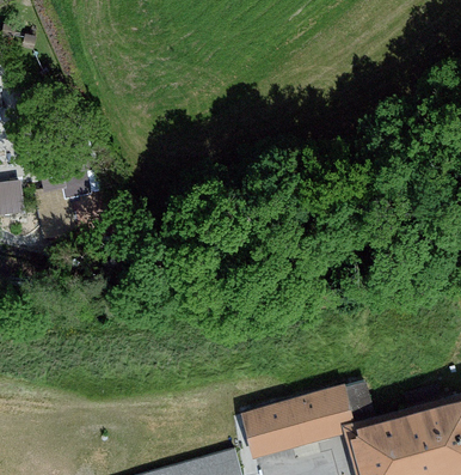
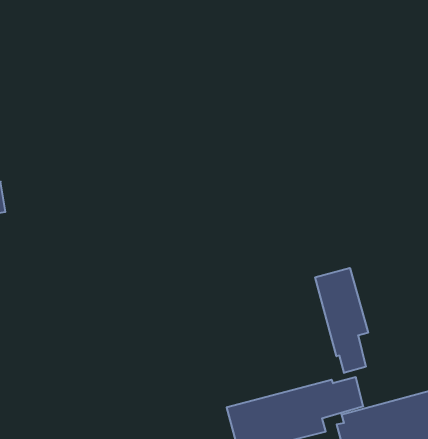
building: none -> [315,268,368,373]

